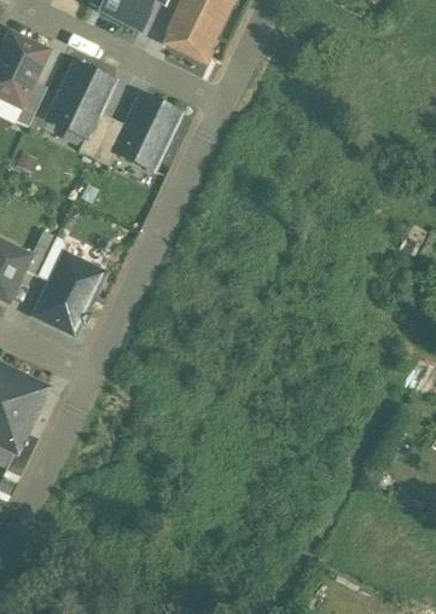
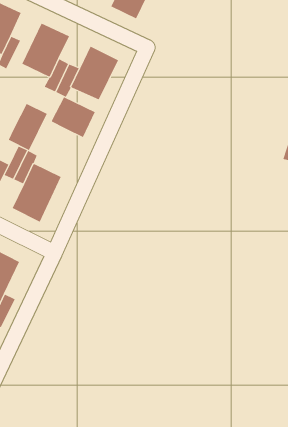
building: none -> [51,97,95,138]
building: none -> [8,103,47,151]

